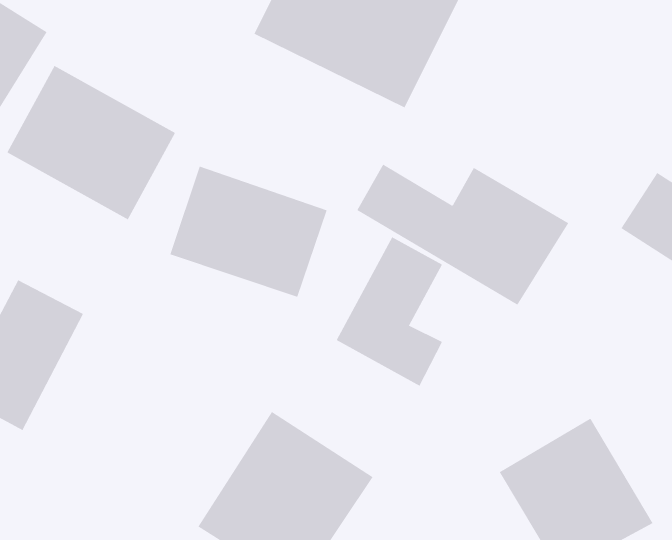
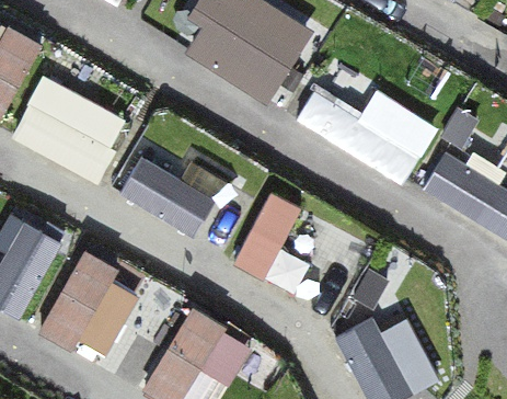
building: [357,164,569,306] -> [296,88,437,182]
building: none -> [38,255,142,361]

